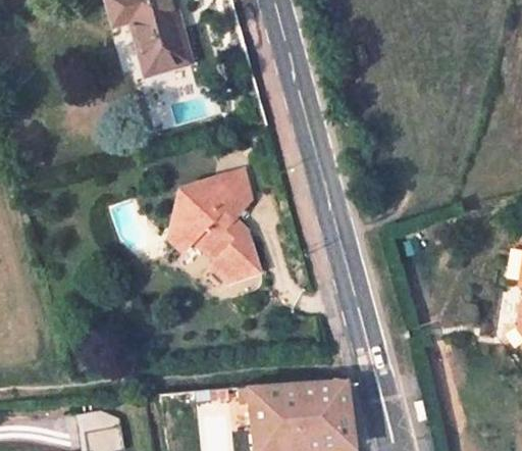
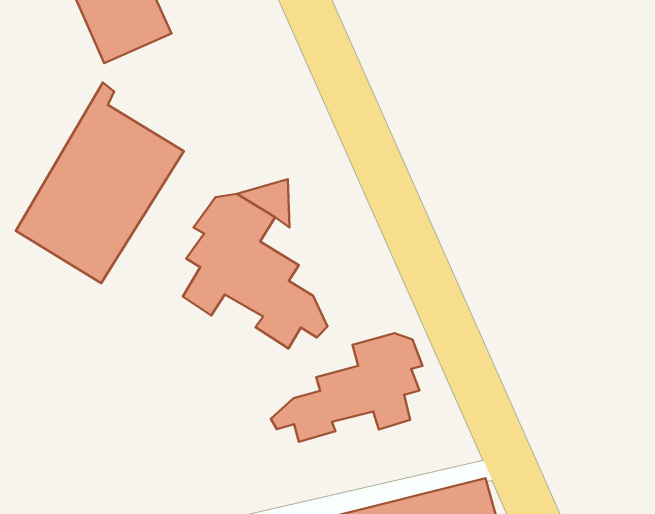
building: none -> [16,83,184,283]
building: none -> [271,333,423,442]

